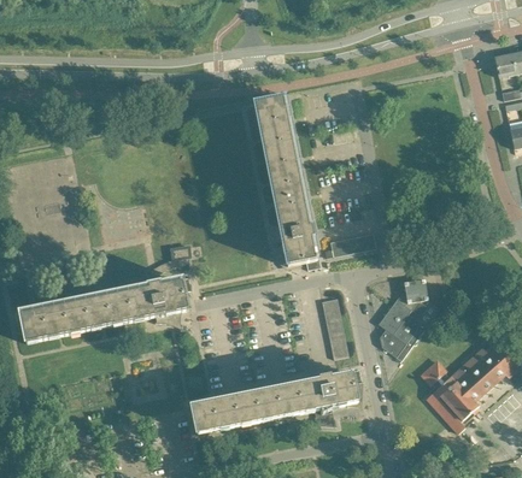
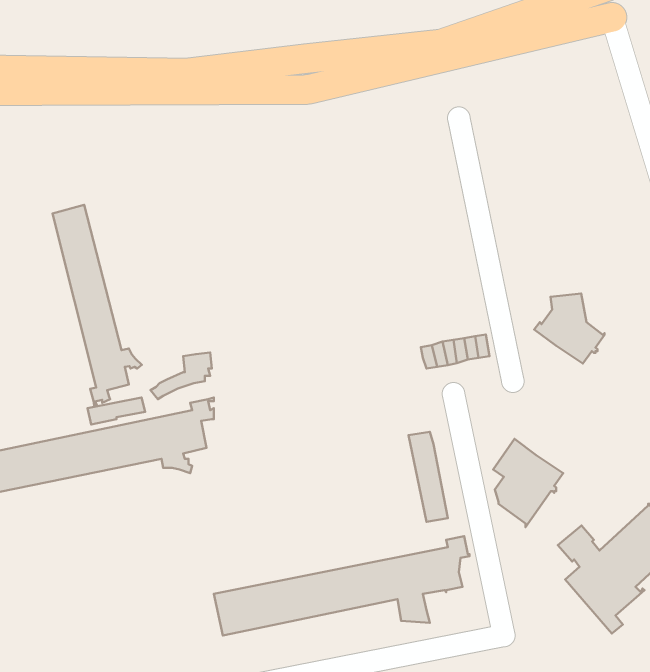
building: [254,98,319,267] -> none
building: none -> [53,205,142,407]
building: [392,277,439,324] -> [534,293,605,364]

